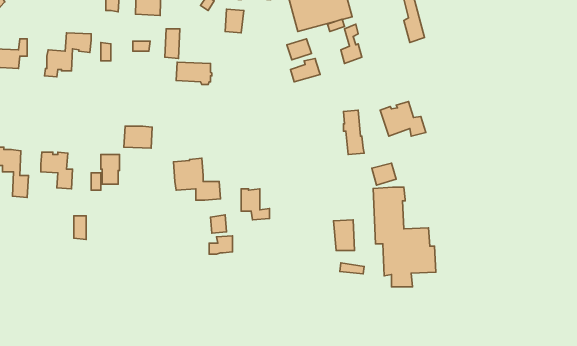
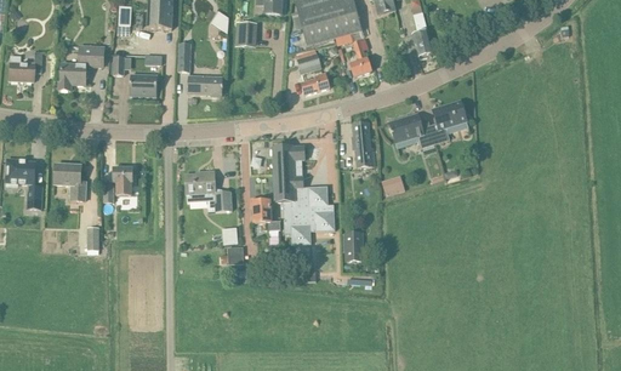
building: none -> [429,101,467,144]
building: [124,126,152,148] -> [130,74,158,96]
building: [373,187,436,287] -> [273,145,335,244]

